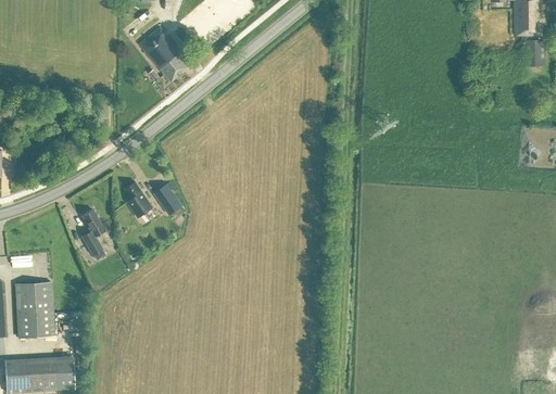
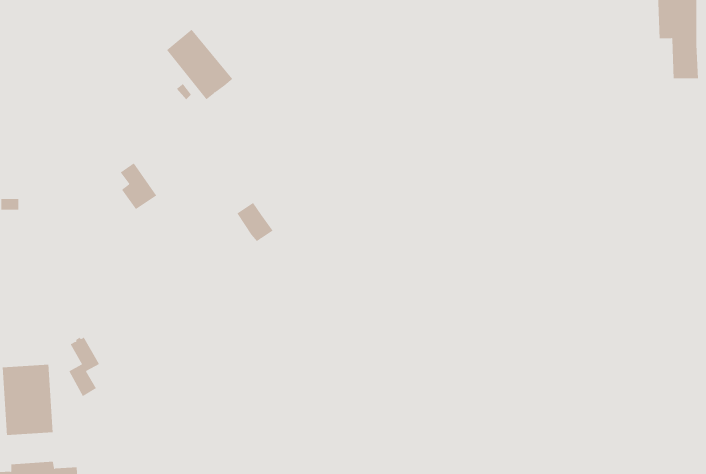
building: [125,181,153,217] -> [120,163,157,210]
building: [154,183,182,214] -> [236,202,273,242]
building: [80,209,104,255] -> [68,337,100,397]

